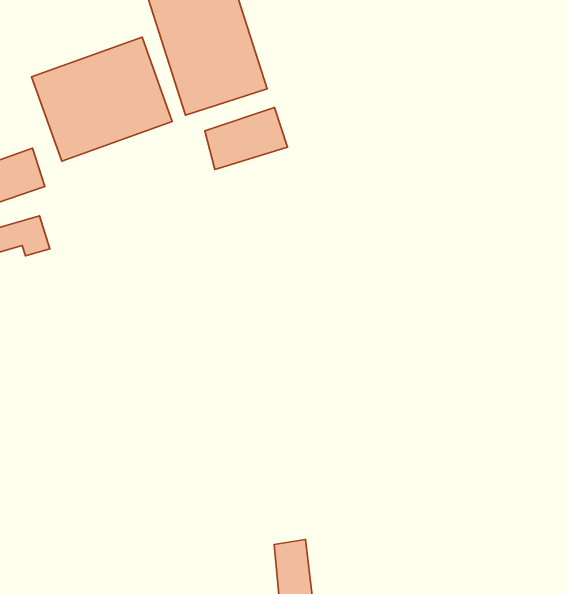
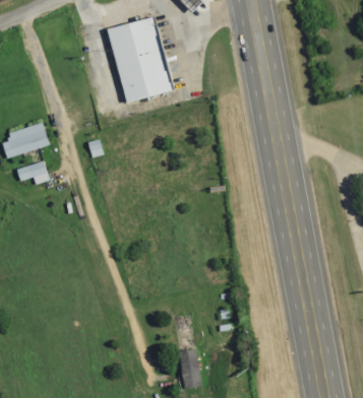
building: [32,37,172,161] -> none
building: [205,107,287,169] -> none

